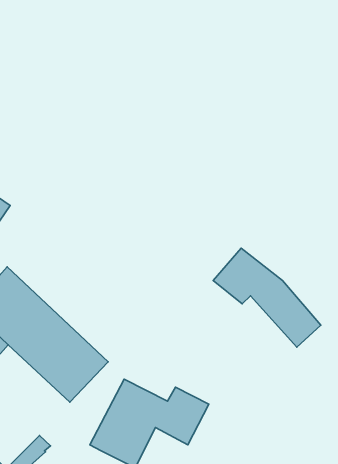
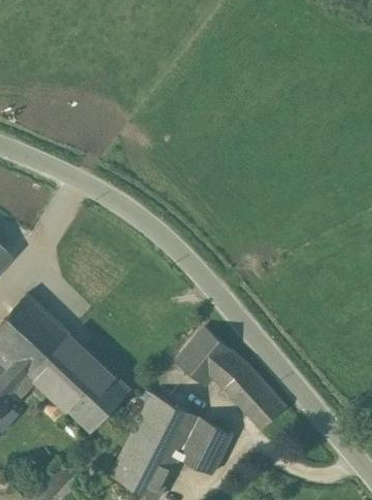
building: [213,248,321,347] -> [175,330,285,431]
building: none -> [145,395,198,433]

